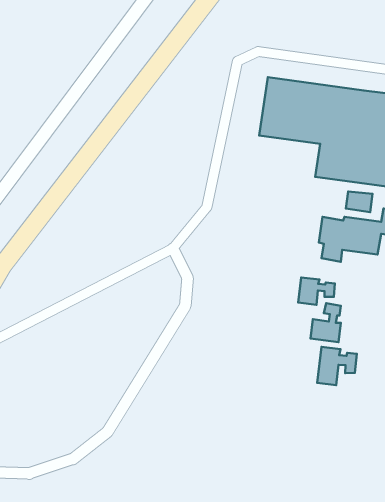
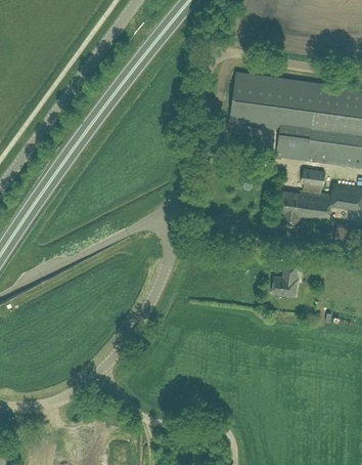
building: [298,277,335,305] -> none
building: [317,347,357,385] -> none

